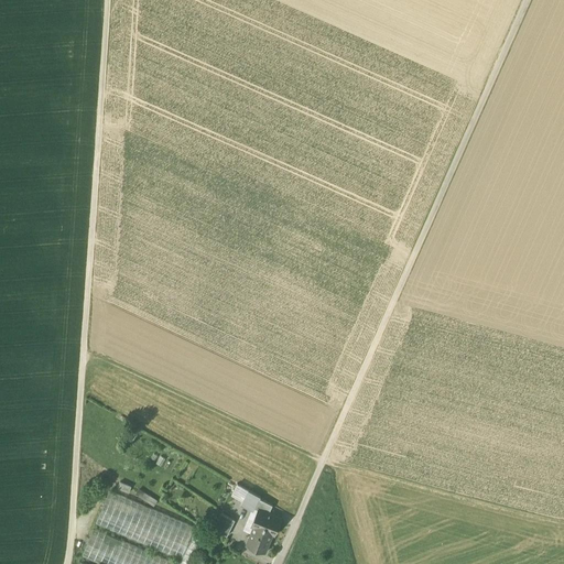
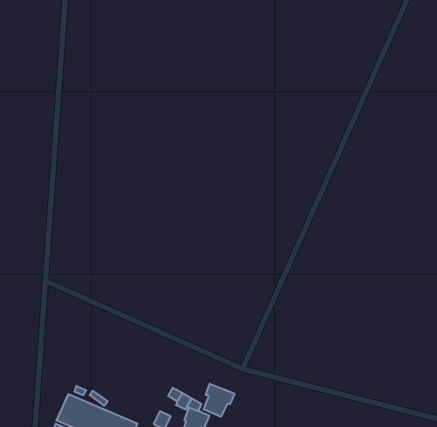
building: none -> [204,384,235,417]

